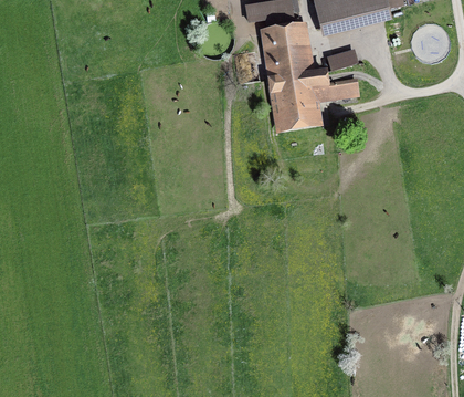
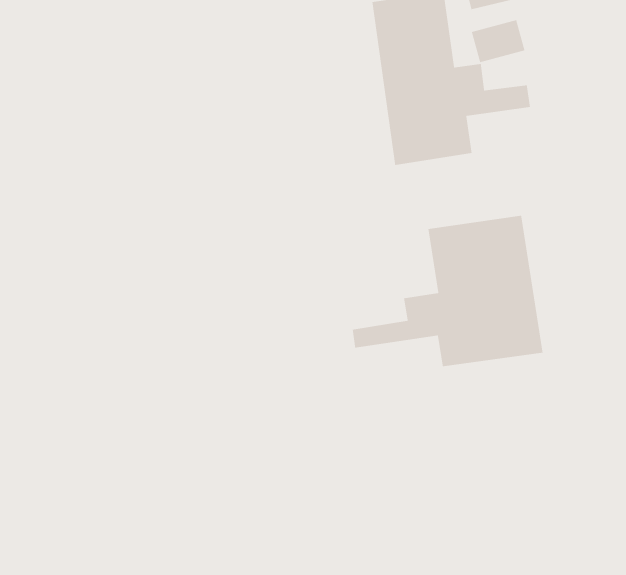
building: none -> [352,215,544,367]

